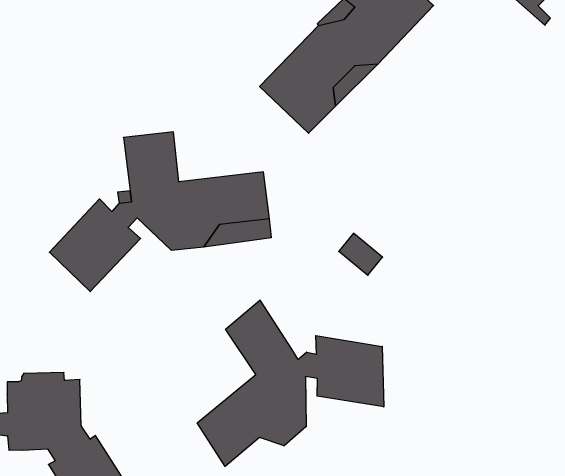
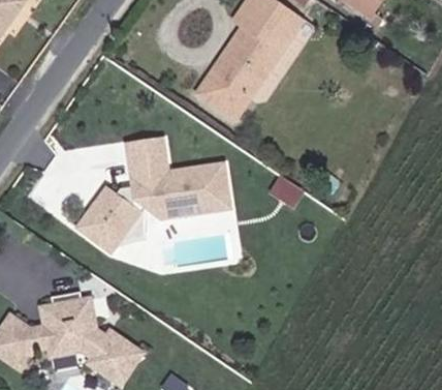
building: [197,300,384,466] -> none

